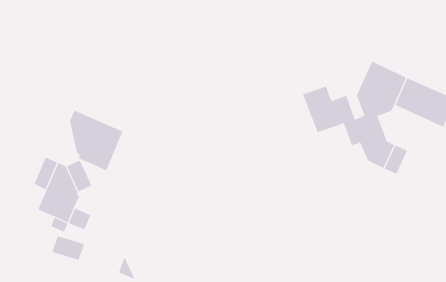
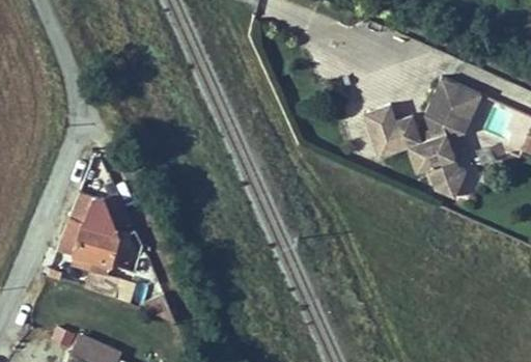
building: [70,110,123,171] -> none

